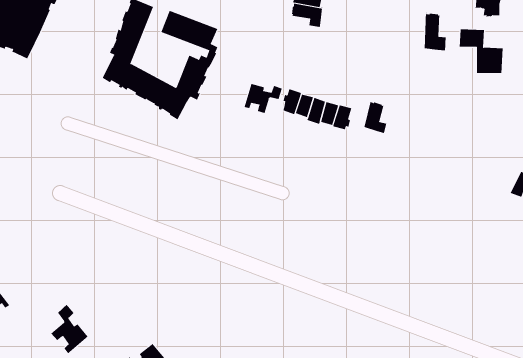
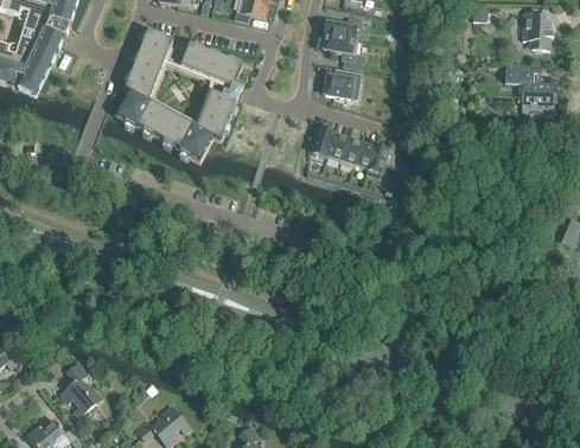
building: [424,12,446,51] -> none
building: none -> [323,68,362,97]
building: [244,83,283,114] -> none
building: [364,100,387,134] -> none

